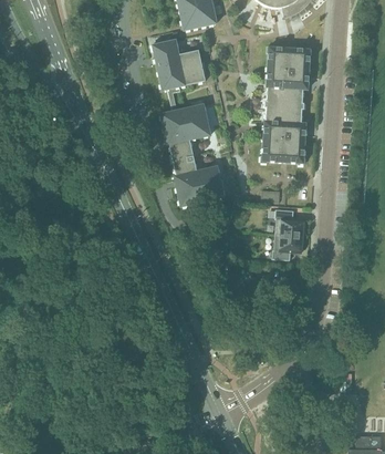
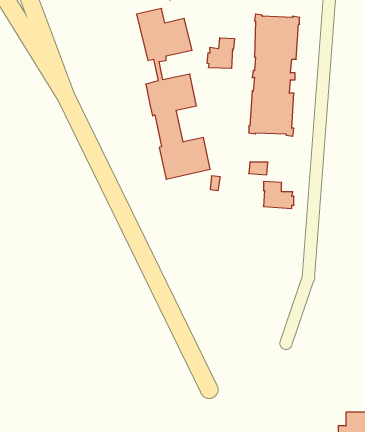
building: none -> [207,38,234,68]
building: [272,233,304,259] -> none

